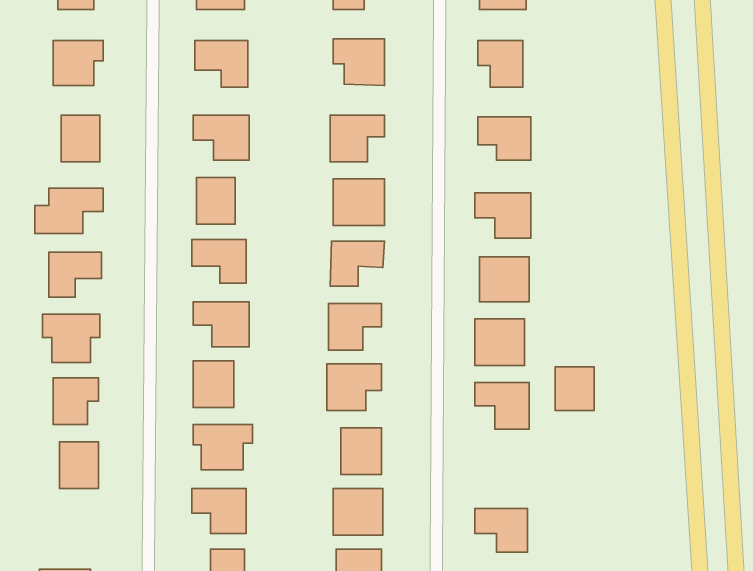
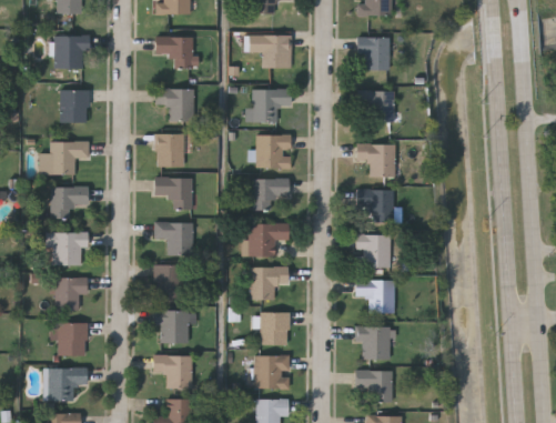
building: [555,367,594,411] -> none
building: none -> [355,326,392,359]
building: none -> [46,366,87,401]

